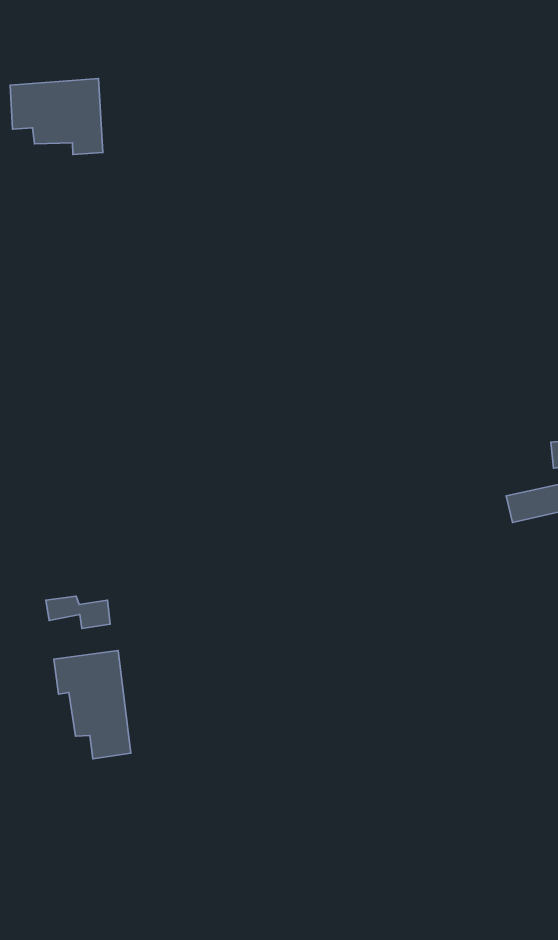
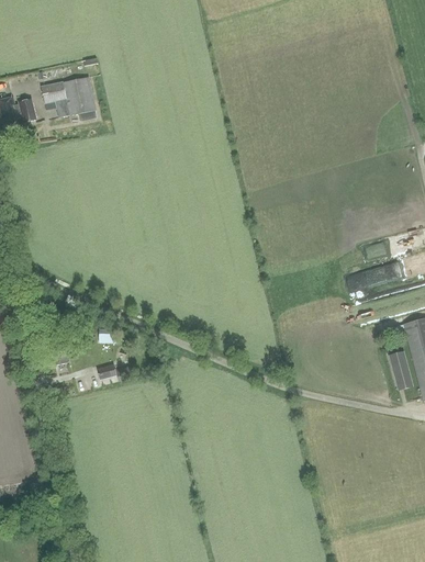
building: [54,650,131,759] -> none

